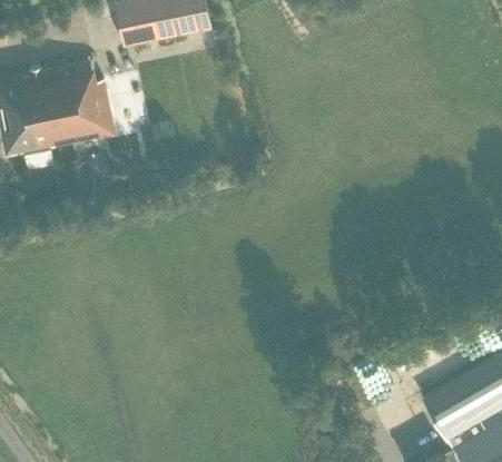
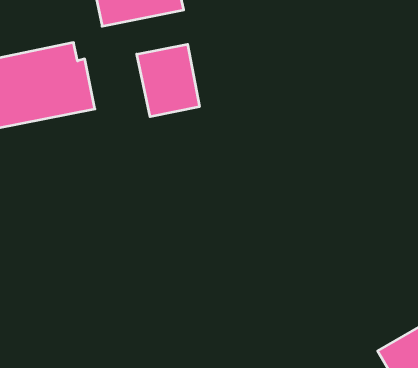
building: none -> [137,44,199,117]

